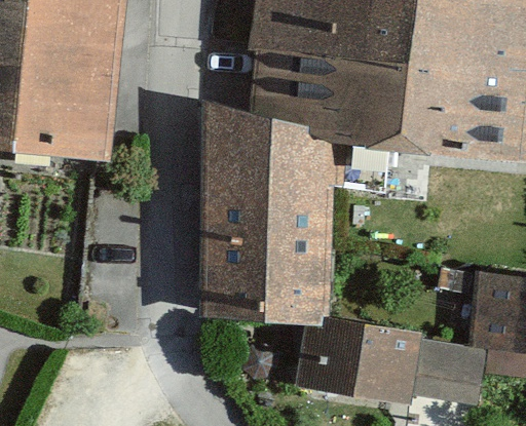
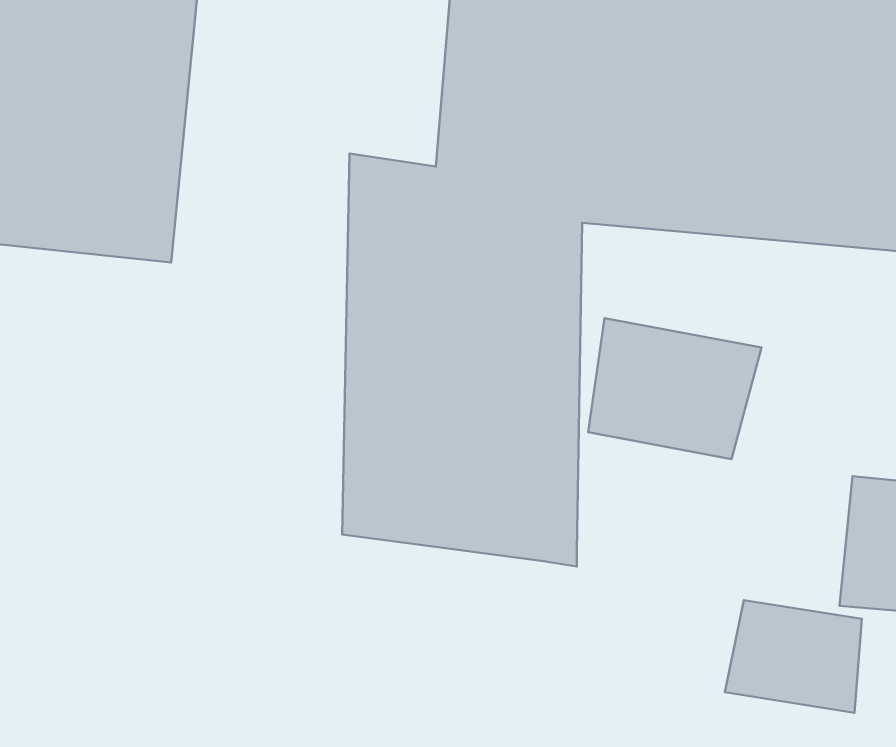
building: none -> [588,318,762,459]
building: [297,318,421,405] -> none

